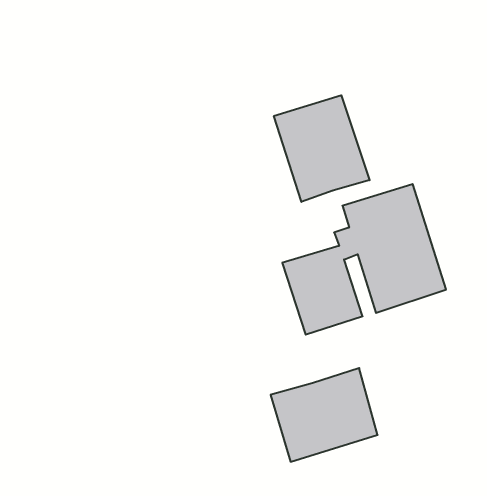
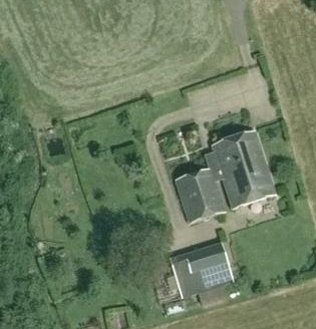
building: [274,95,370,202] -> none

